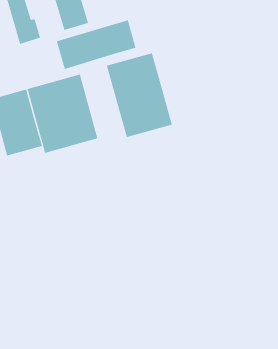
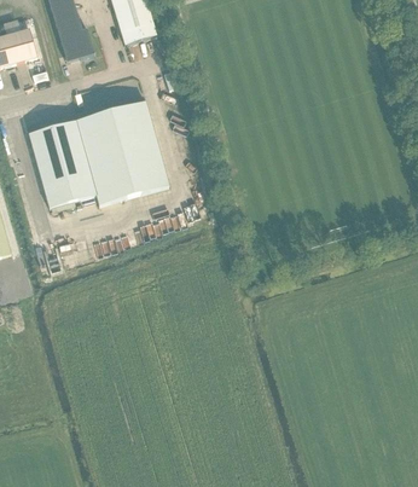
building: [56,19,136,70] -> none
building: [106,52,172,138] -> none

